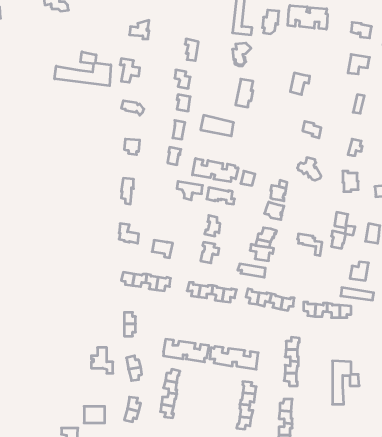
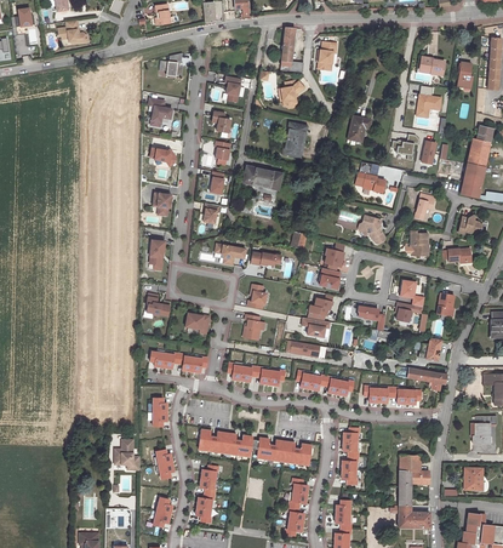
building: [288,5,327,29] -> none
building: [55,52,111,86] -> none
building: [192,158,238,182] -> none
building: none -> [396,506,430,529]

